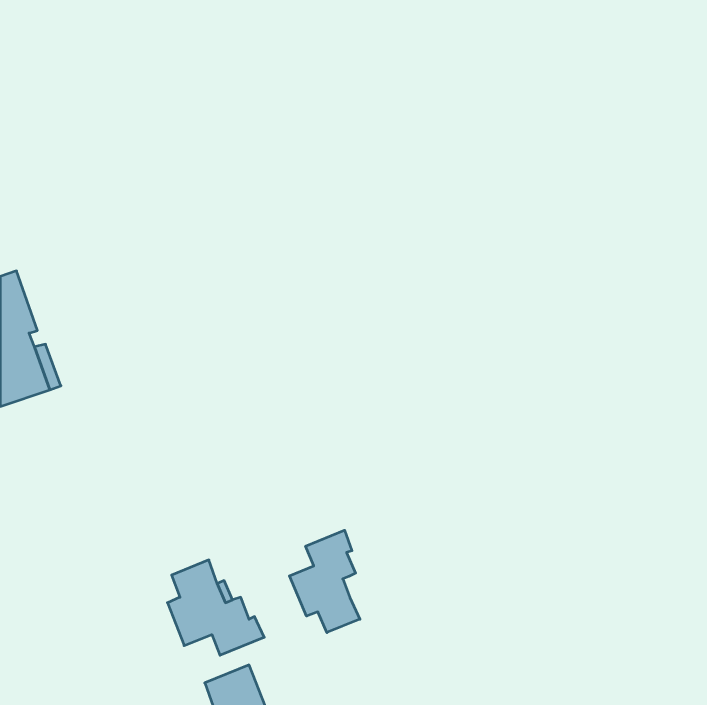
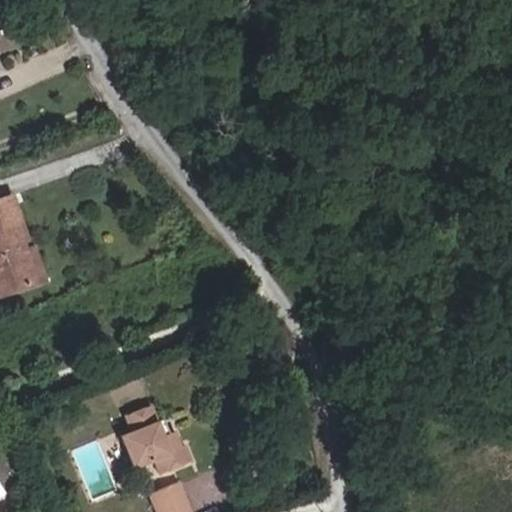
building: [289,530,360,633] -> none

